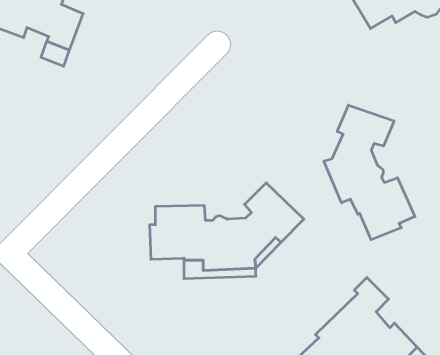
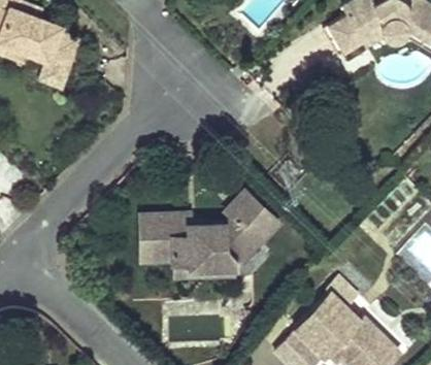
building: [324,105,415,240] -> none

